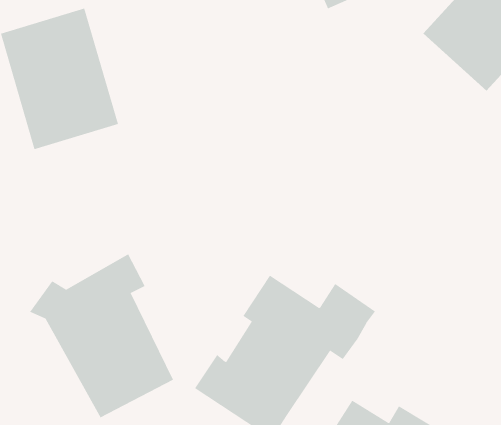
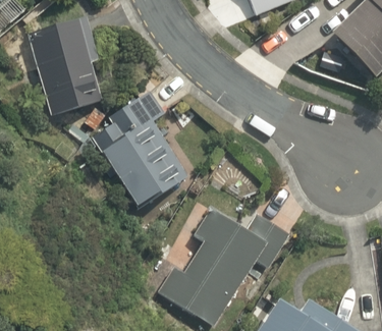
building: [29,254,174,418] -> [81,89,185,207]

